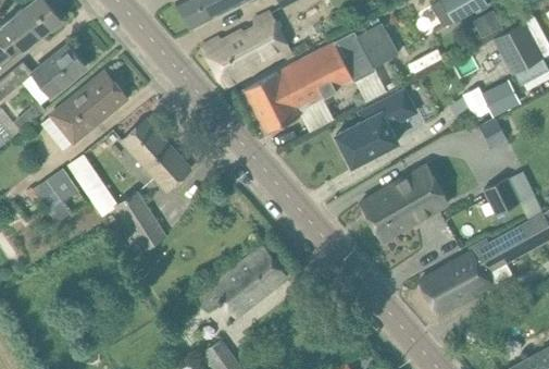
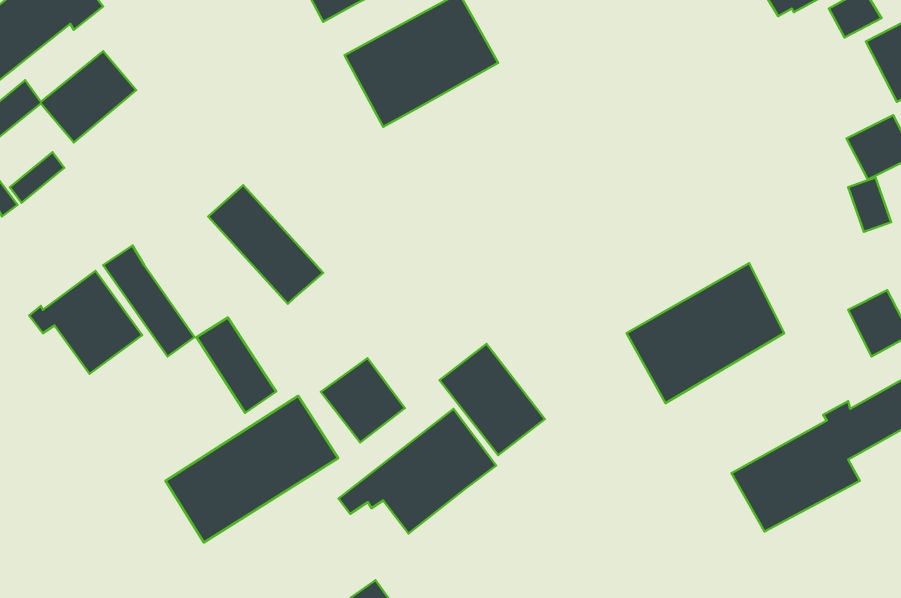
building: [242,26,395,135] -> none
building: [42,72,127,142] -> none
building: [335,90,416,167] -> none
building: none -> [440,344,545,455]
building: none -> [321,358,405,443]
building: none -> [165,396,338,543]

